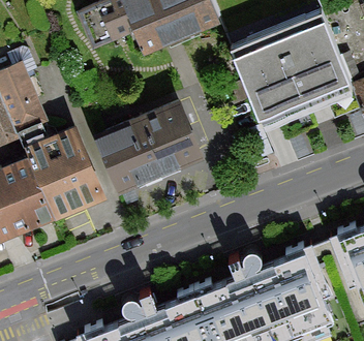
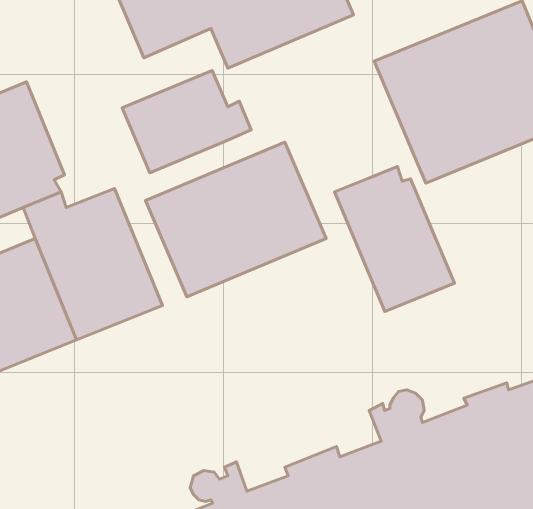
building: none -> [122,70,251,173]
building: none -> [334,166,454,311]

